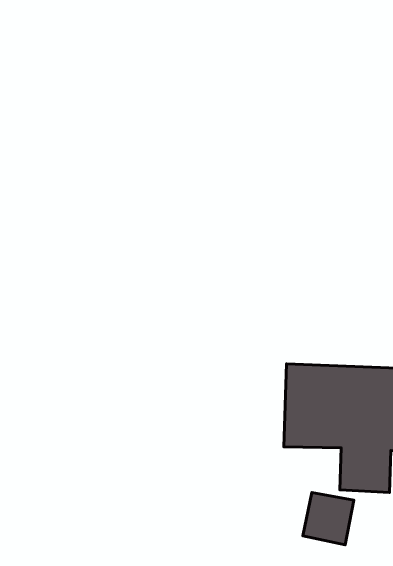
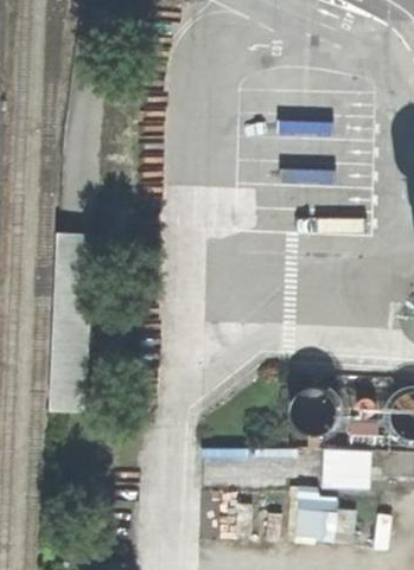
building: none -> [49,239,91,420]

